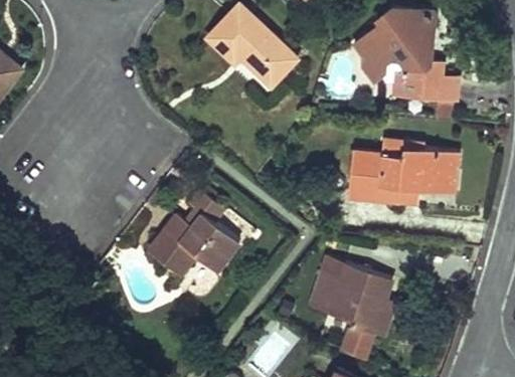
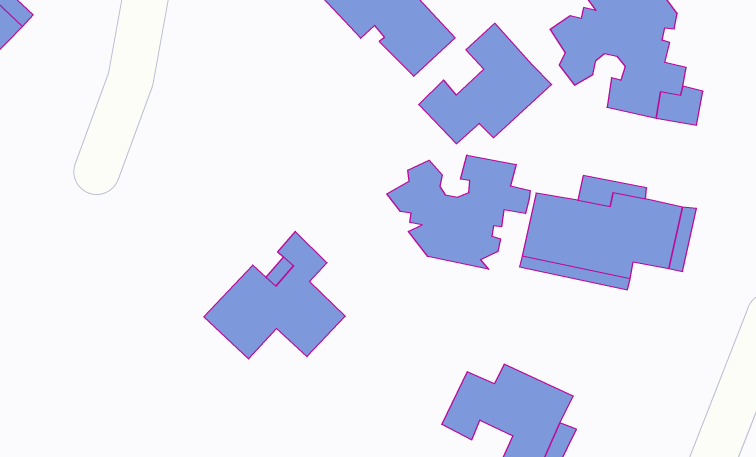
building: none -> [419,23,552,144]
building: none -> [387,155,530,269]

